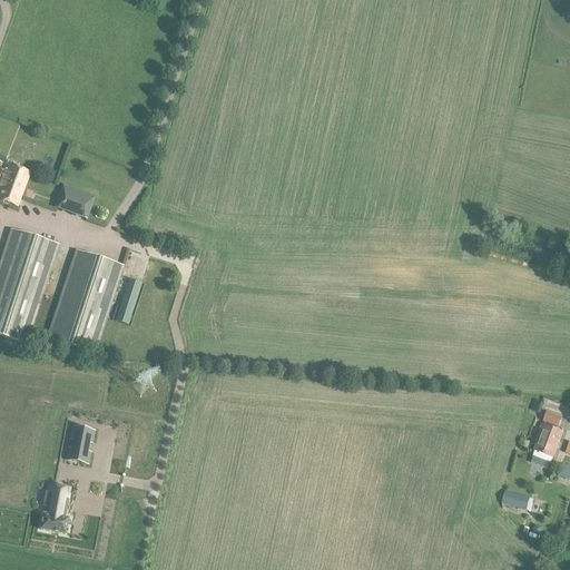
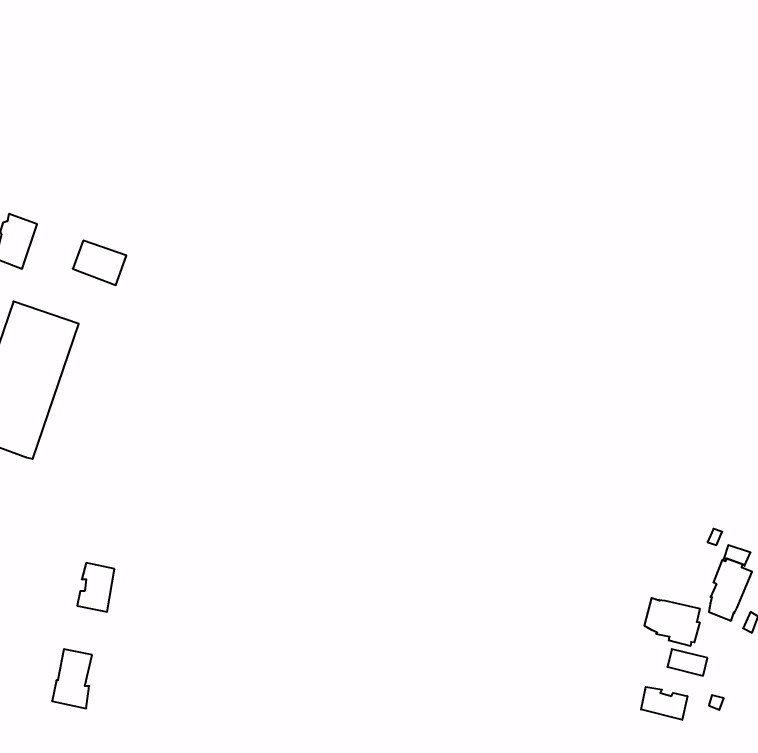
building: [46,248,125,355] -> none
building: none -> [645,598,700,646]
building: none -> [641,687,687,720]

